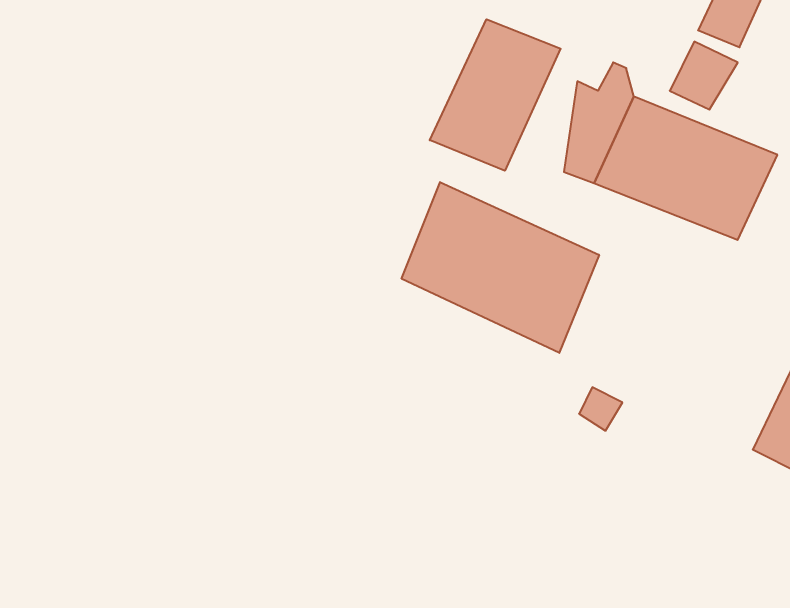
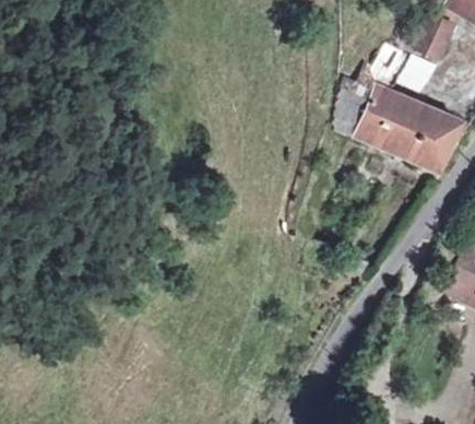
building: [430,19,561,171] -> none
building: [402,182,599,353] -> none

